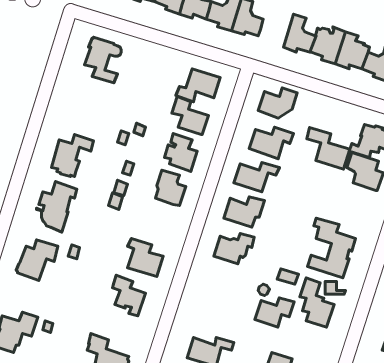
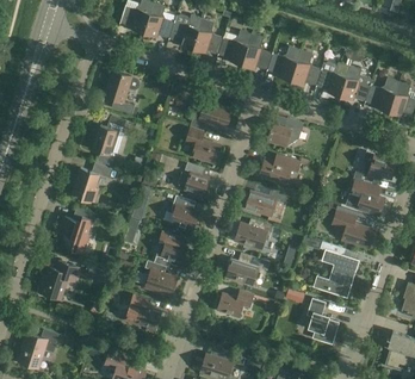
building: none -> [267,45,301,80]
building: none -> [93,116,126,155]
building: [307,127,350,169] -> [334,209,374,248]
building: none -> [157,231,187,262]
building: [255,298,294,327] -> [217,290,254,317]

